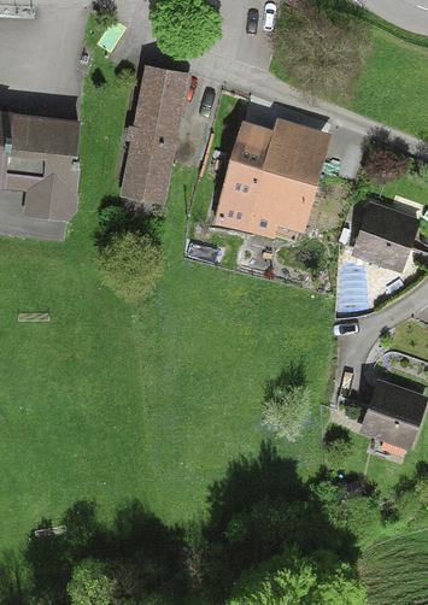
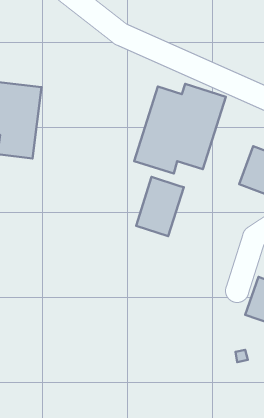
building: [118,65,190,207] -> none
building: none -> [136,177,184,236]

